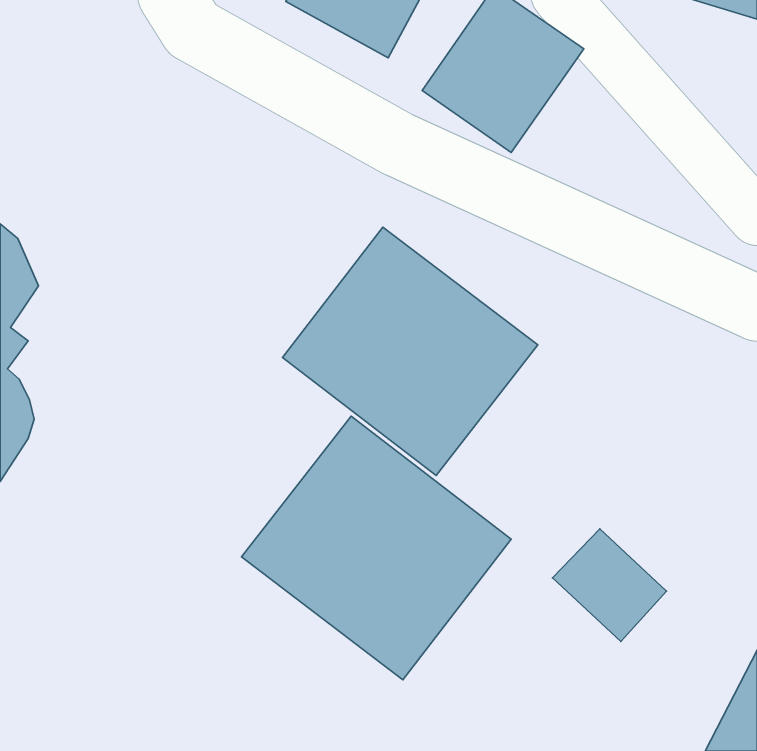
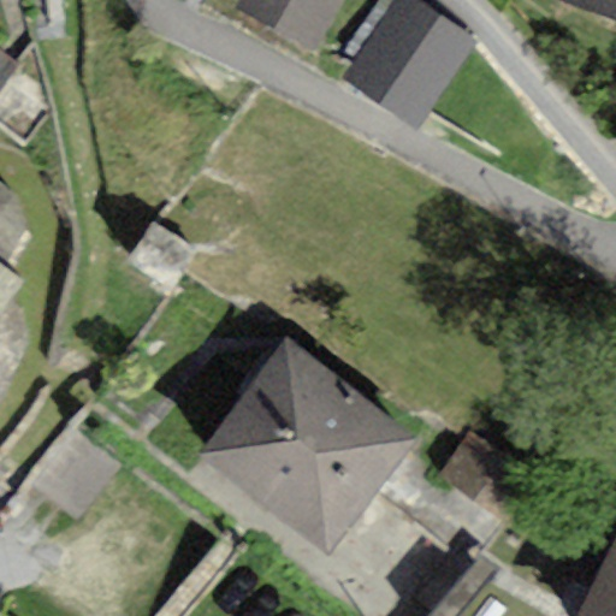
building: [283,227,538,475] -> none

